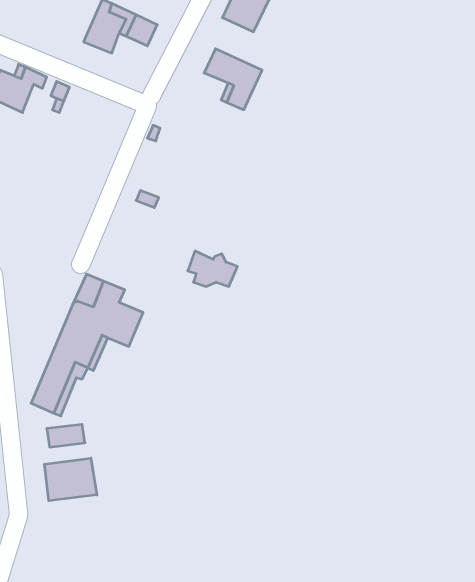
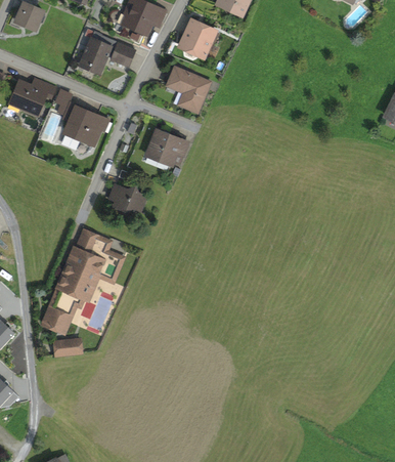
building: none -> [61,103,103,146]
building: none -> [148,130,187,164]
building: [188,251,237,286] -> [109,183,145,209]
building: [44,458,97,501] -> none

